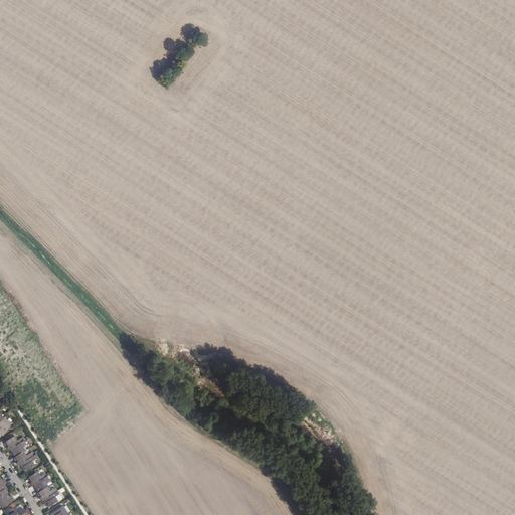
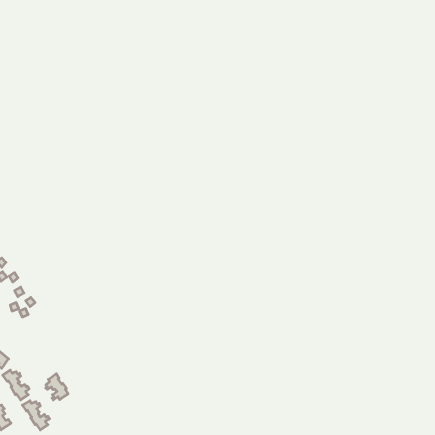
building: none -> [46,374,68,400]

